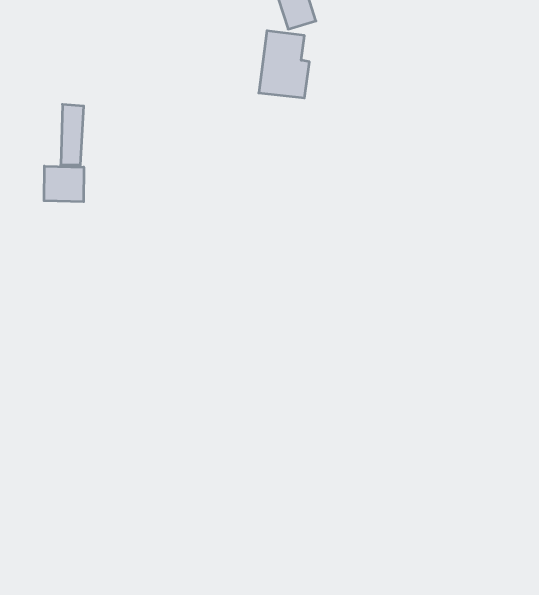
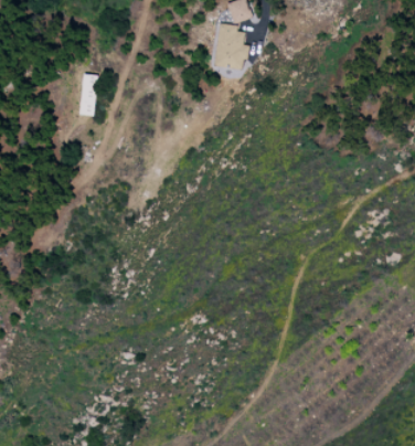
building: [44,166,84,202] -> none

